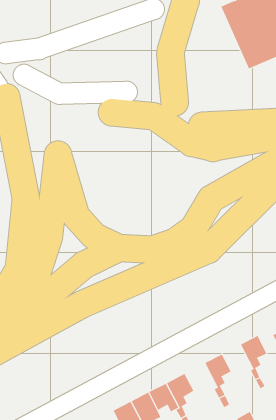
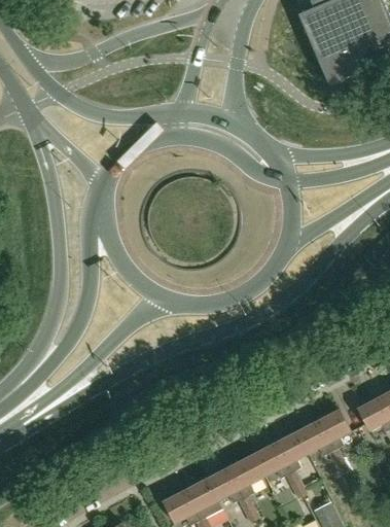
building: none -> [296,419,333,455]
building: none -> [251,442,290,478]

